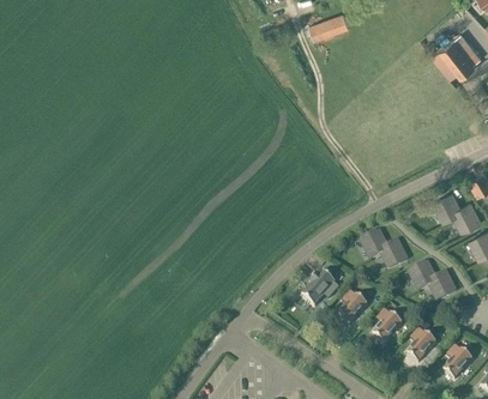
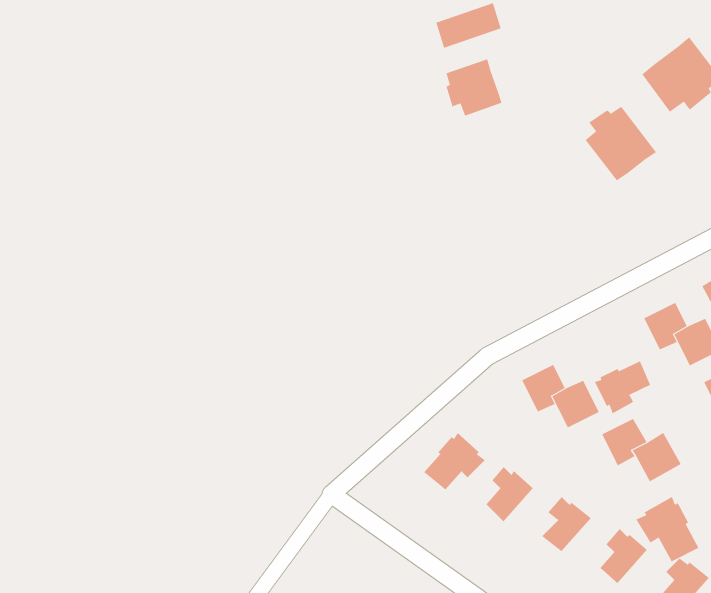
building: none -> [446,58,502,117]
building: none -> [585,106,657,181]
building: none -> [594,360,651,414]
building: none -> [635,496,699,562]

